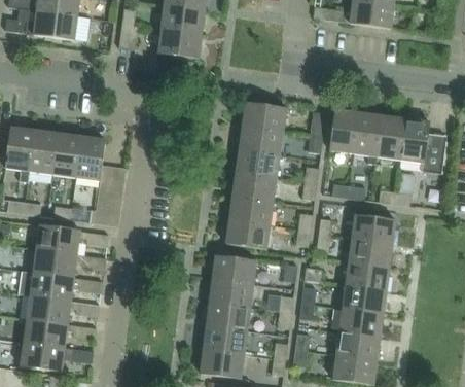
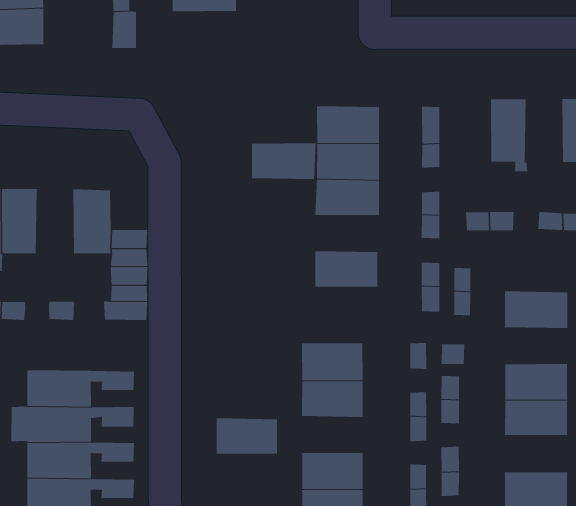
building: [155,29,202,71] -> none
building: [328,109,358,153] -> none
building: [375,115,404,160] -> none
building: [51,132,80,177] -> none
building: [231,173,277,202] -> [251,143,316,180]
building: [351,214,395,244] -> none
building: [225,219,270,248] -> none
building: [35,224,108,254] -> none
building: [345,261,389,290] -> none
building: [206,302,249,330] -> [216,418,278,454]
building: [335,331,380,360] -> none

